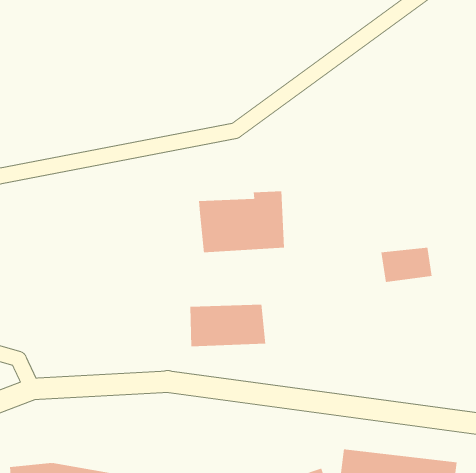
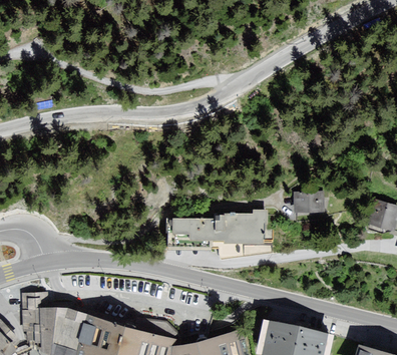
building: [198,191,285,253] -> [213,210,268,248]

